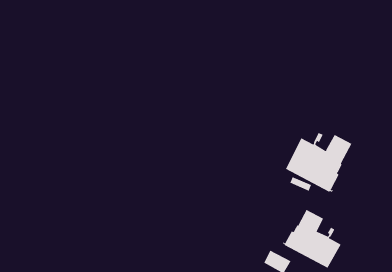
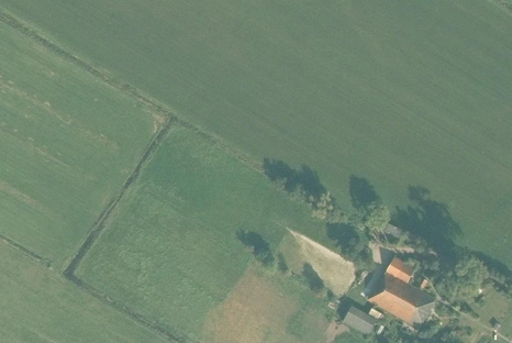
building: [285,132,352,193] -> none

